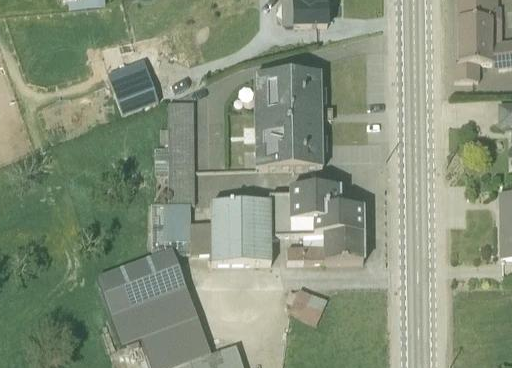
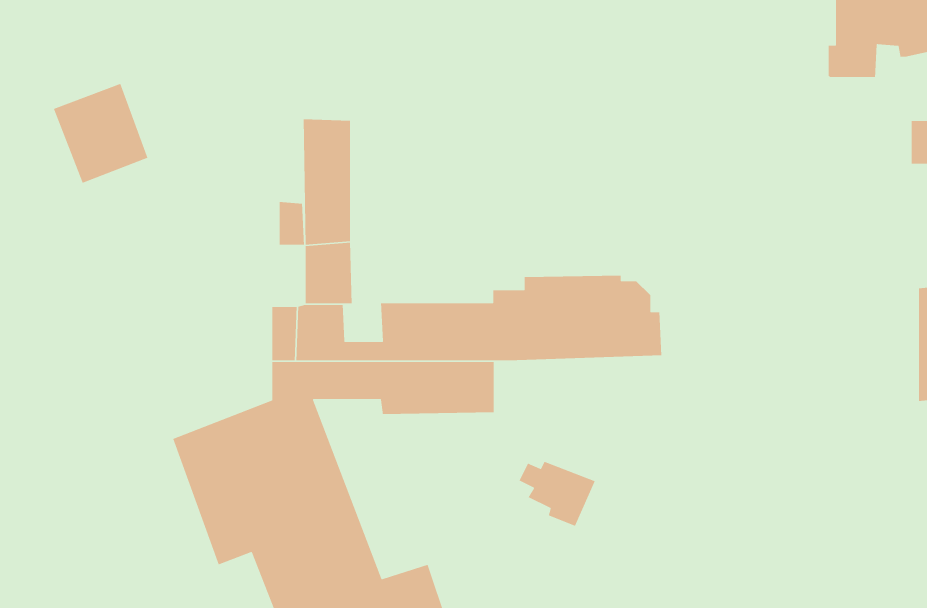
building: [107,58,159,113] -> [53,83,149,184]
building: [253,72,333,168] -> none
building: [286,230,364,261] -> none

